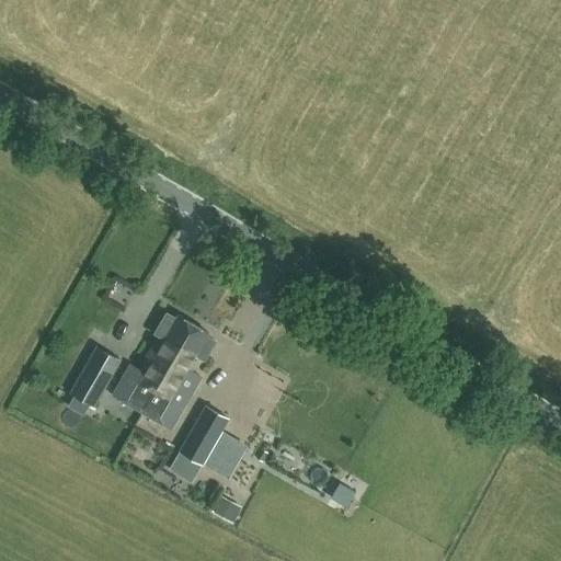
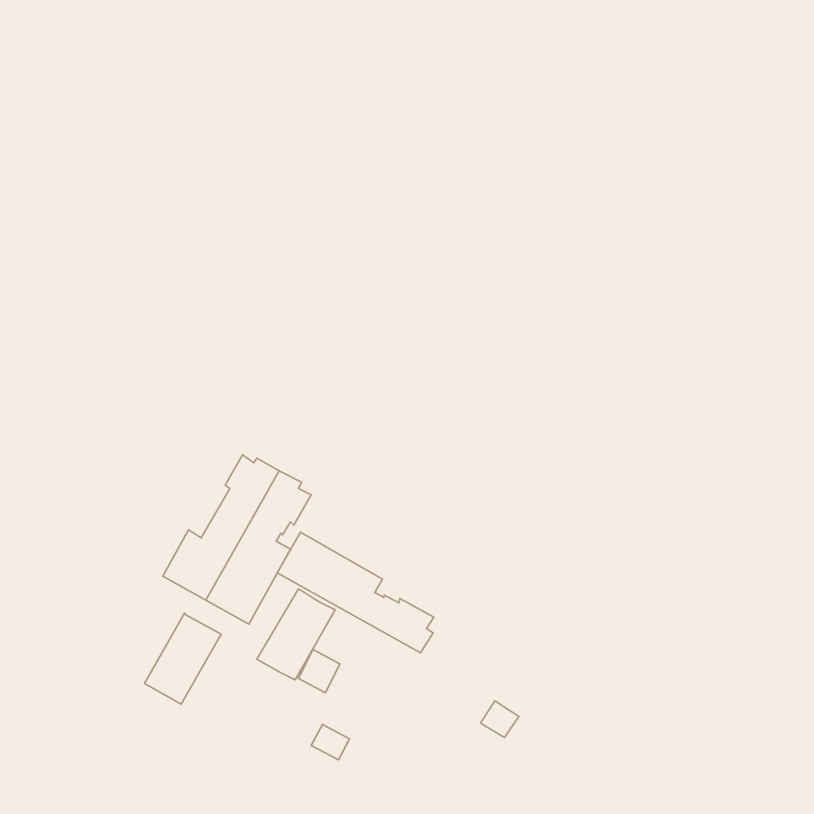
building: [70,345,123,408] -> [144,613,221,704]
building: none -> [277,532,434,653]

